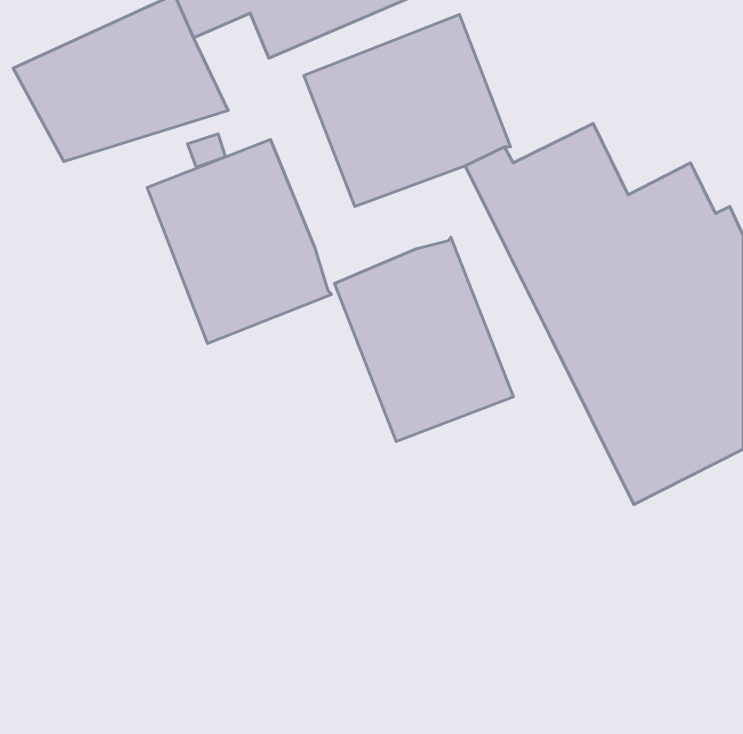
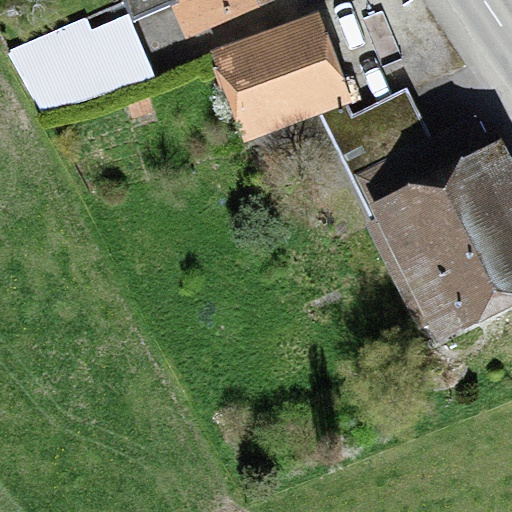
building: [147,139,332,343] -> none
building: [334,237,513,442] -> none

